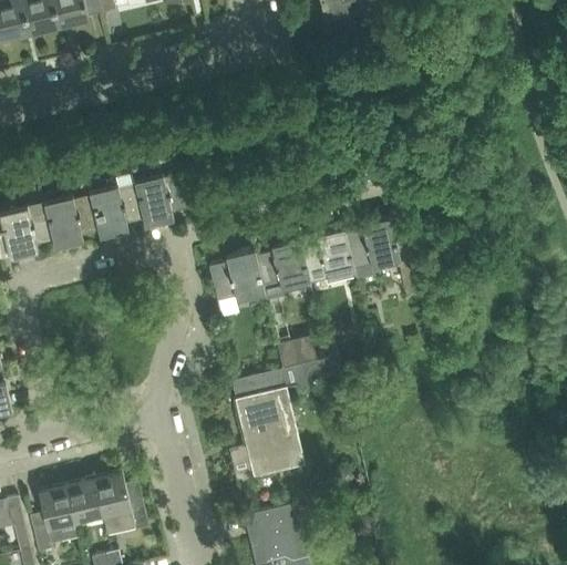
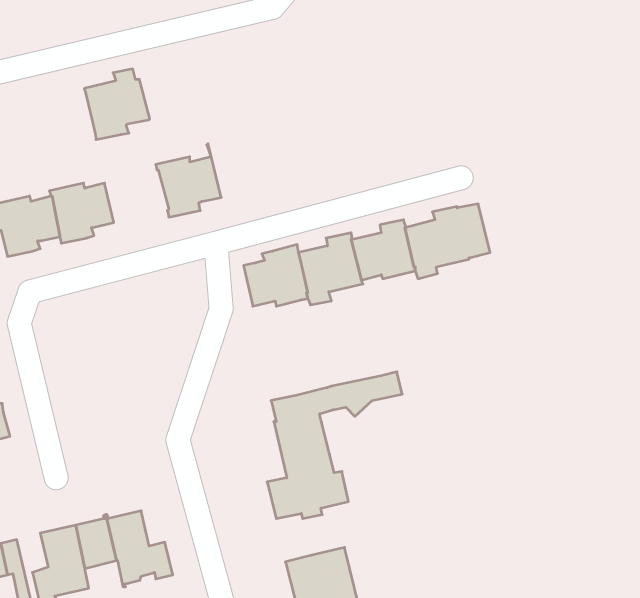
building: [91,177,146,237] -> [84,69,150,140]
building: [278,337,326,369] -> none

